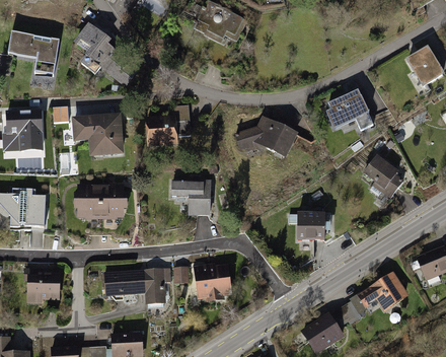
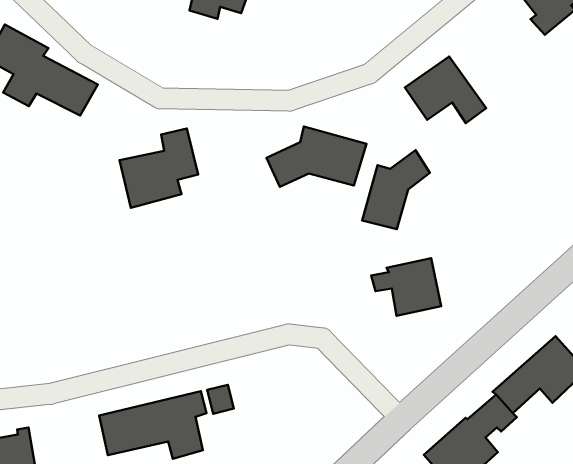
building: [74,114,125,155] -> none
building: none -> [362,150,430,229]
building: [364,153,403,198] -> none
building: [169,176,213,216] -> none
building: [78,182,129,224] -> none
building: [192,261,232,301] -> none

